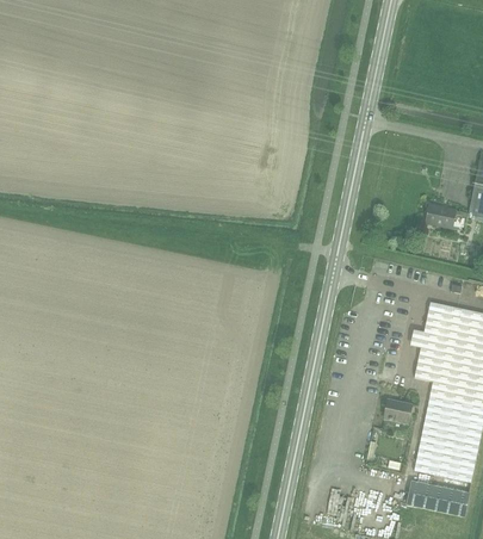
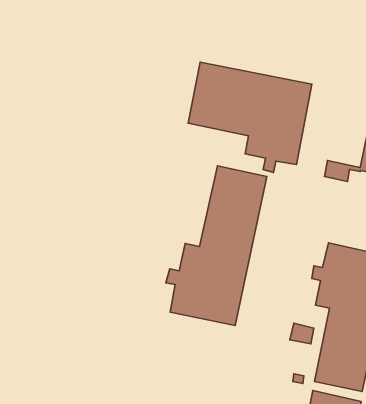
building: none -> [188,62,312,173]
building: none -> [166,166,267,326]

